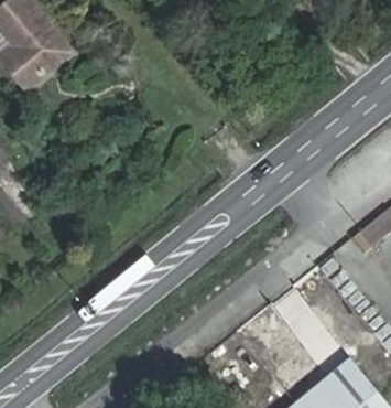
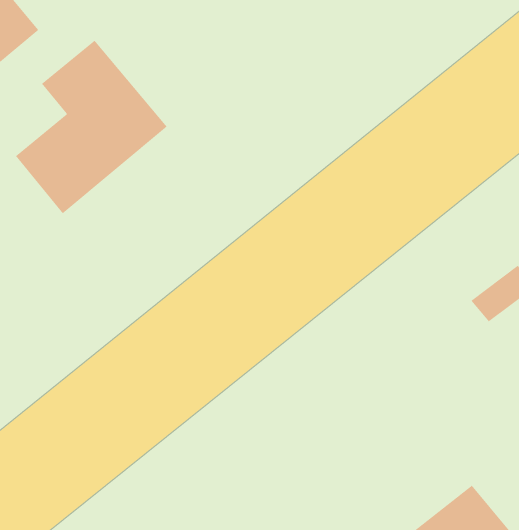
building: none -> [15,40,167,214]

